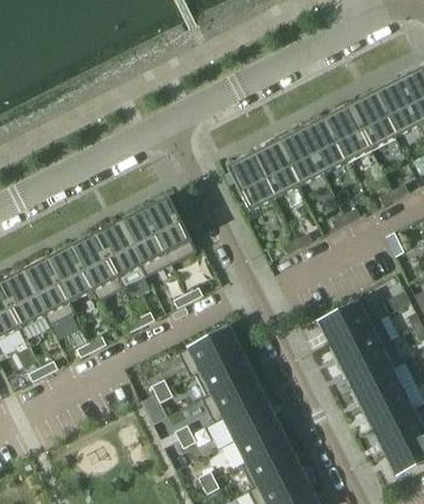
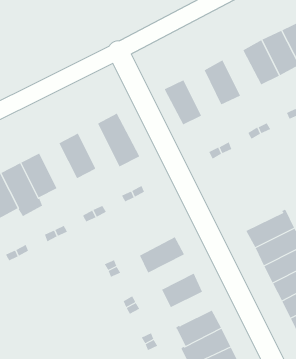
building: [300,116,348,174] -> none
building: [252,141,298,199] -> none
building: [120,208,171,276] -> none
building: [71,233,125,301] -> none
building: [318,297,375,342] -> none
building: [178,326,241,376] -> none
building: [202,372,265,422] -> none
building: [235,418,287,461] -> none

